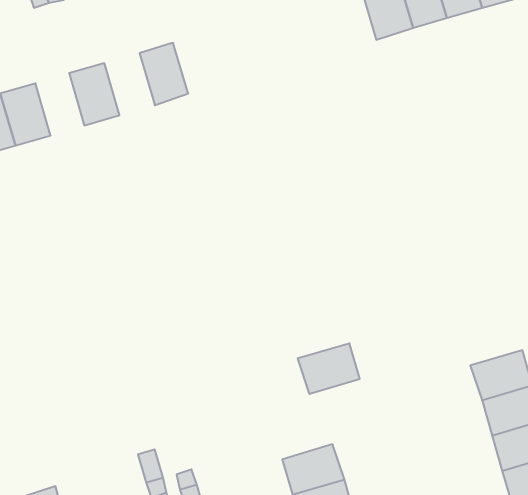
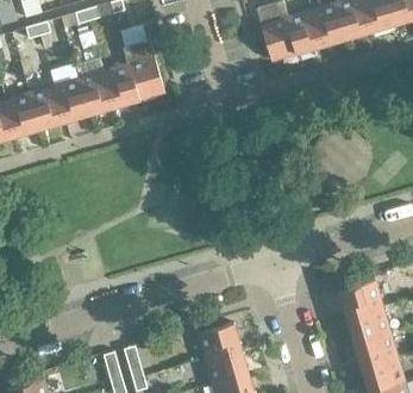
building: none -> [121,39,164,99]
building: none -> [79,70,114,114]
building: none -> [30,85,64,129]
building: [298,343,360,394] -> [196,323,240,358]

